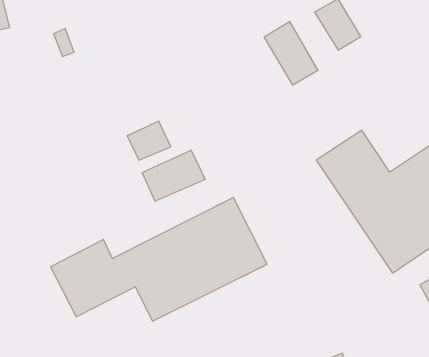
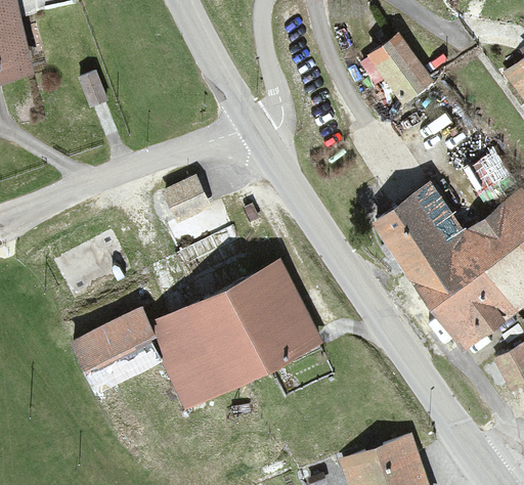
building: [264,21,318,85] -> none
building: [142,150,205,201] -> none

